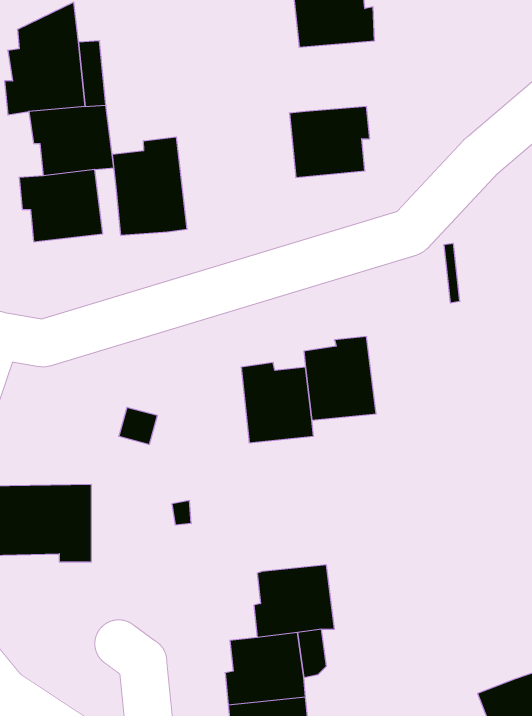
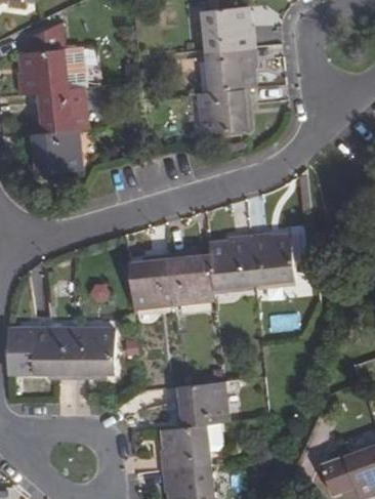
building: none -> [206,47,256,92]
building: [113,137,187,235] -> none
building: none -> [249,234,295,285]
building: none -> [129,255,174,308]
building: none -> [74,329,116,379]

